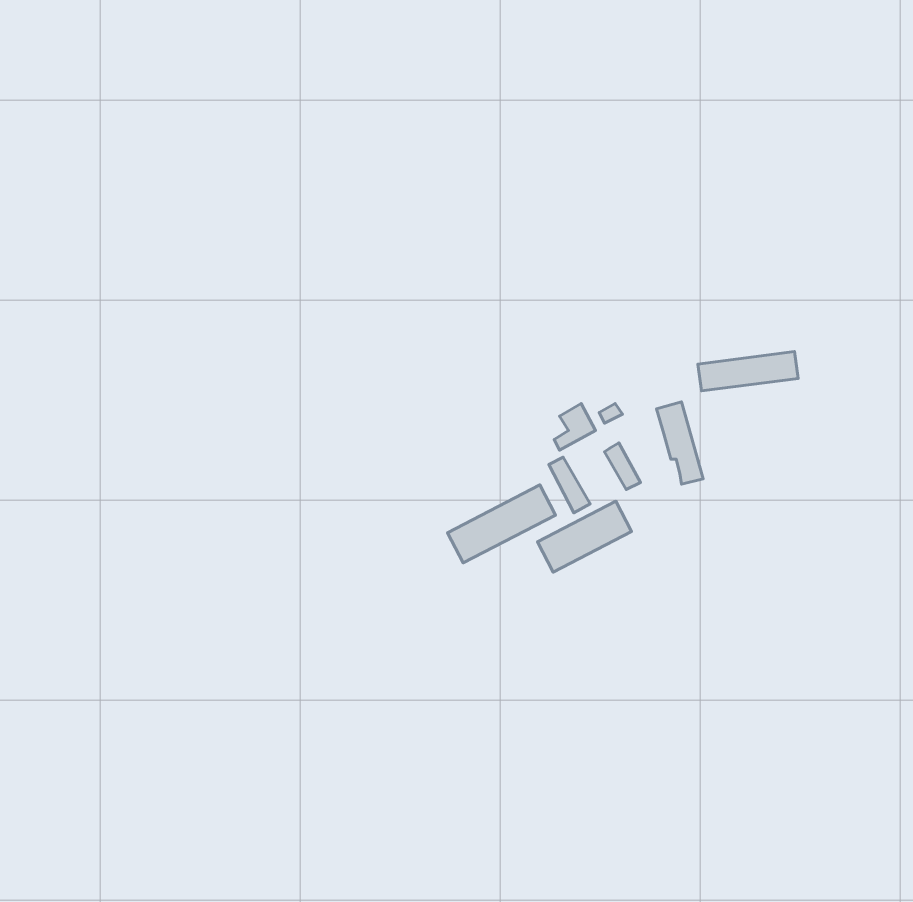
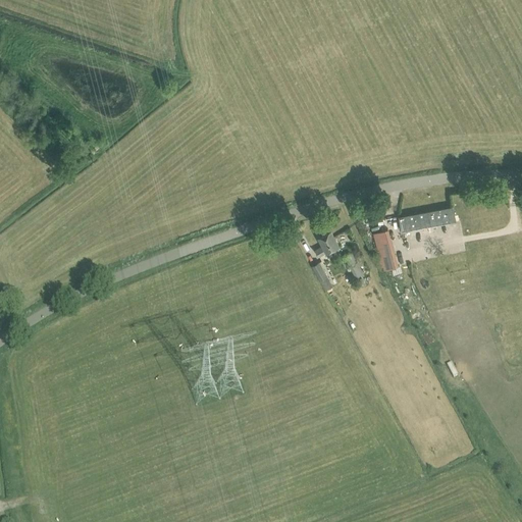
building: [448,485,556,563] -> none
building: [537,501,631,572] -> none

